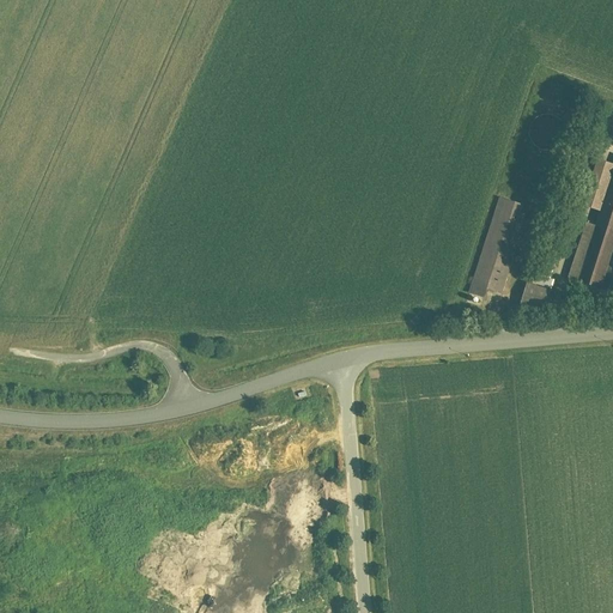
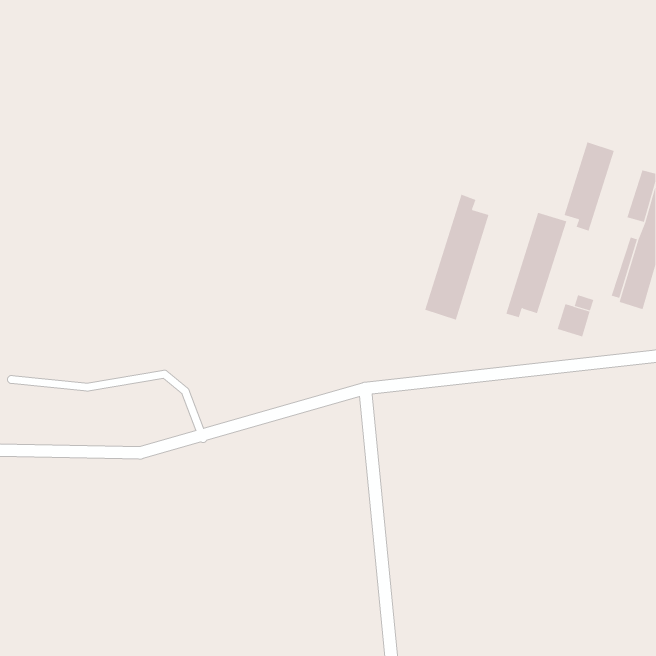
building: none -> [564,141,615,232]
building: none -> [425,194,489,321]

